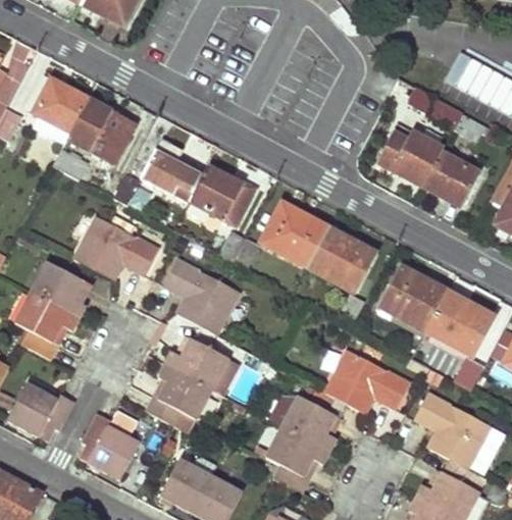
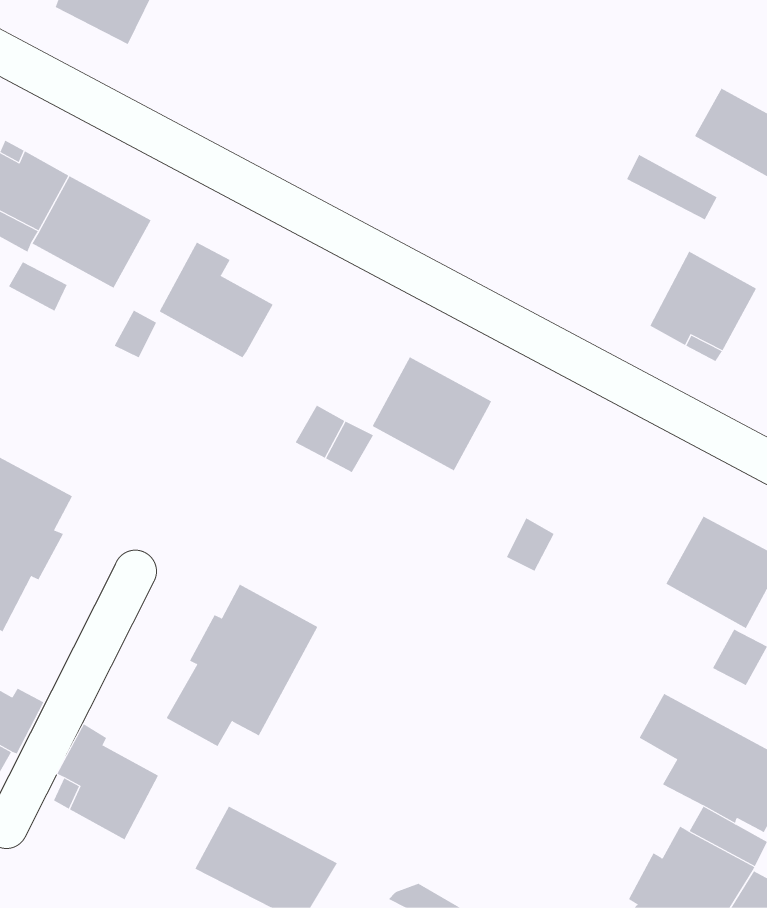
building: [372,114,444,186] -> none
building: [190,166,256,226] -> none
building: [74,215,159,278] -> none
building: [308,230,373,293] -> none
building: [163,257,240,334] -> none
building: [381,268,450,332] -> none
building: [324,350,409,414] -> none
building: [266,396,342,492] -> none

